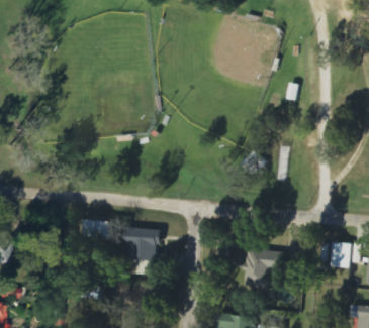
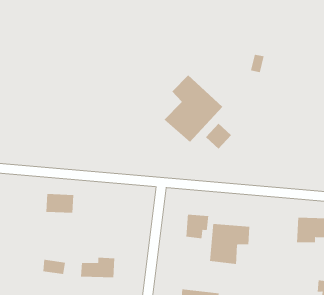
building: none -> [164,74,223,143]
building: [122,227,159,260] -> none
building: none -> [186,214,209,239]

